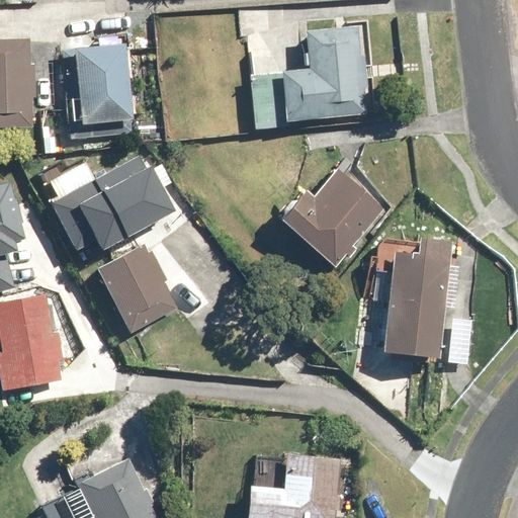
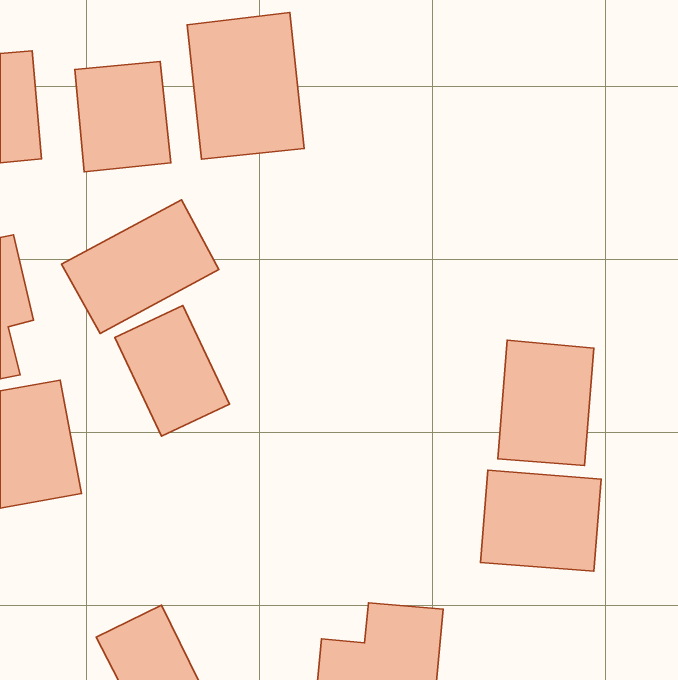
building: none -> [187,13,304,159]
building: [250,28,366,128] -> none
building: [282,166,384,268] -> none
building: none -> [481,470,601,571]

